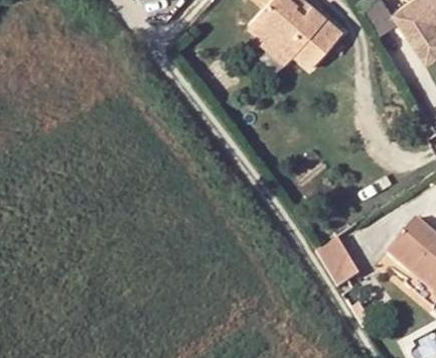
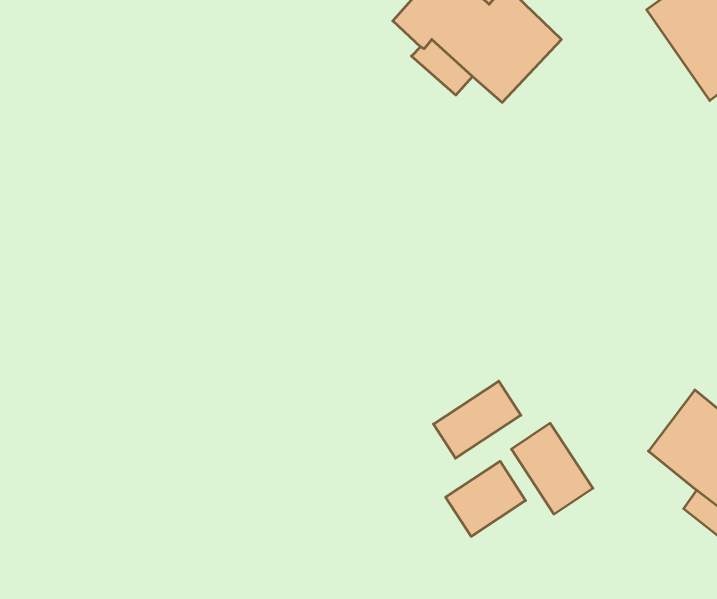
building: none -> [433,381,521,458]
building: none -> [446,461,526,536]

